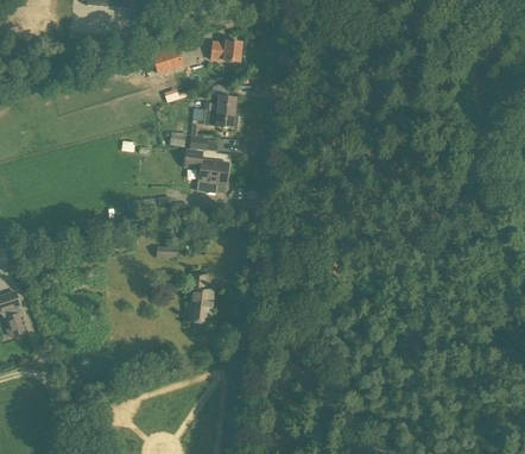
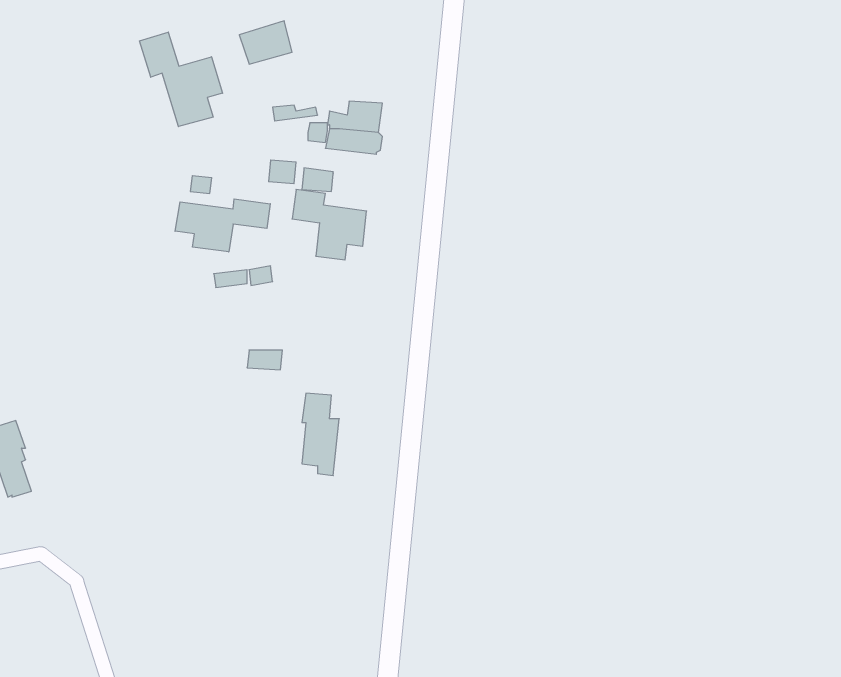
building: [211,40,241,62] -> none
building: none -> [140,32,223,127]
building: none -> [175,199,270,252]

